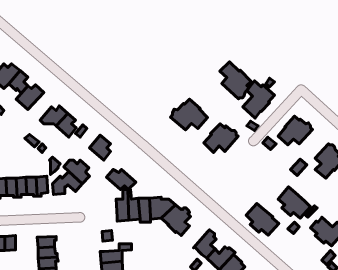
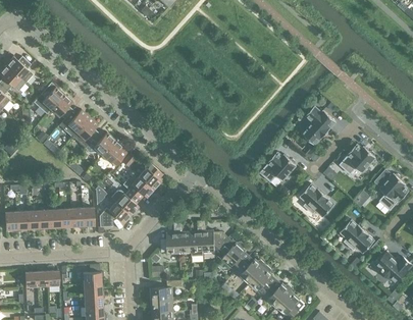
building: [220,62,251,99] -> none
building: none -> [71,118,97,148]
building: [171,99,208,130] -> none
building: [106,170,136,190] -> [121,177,153,199]
building: [246,204,279,235] -> [300,183,334,217]
building: none -> [236,259,266,284]

